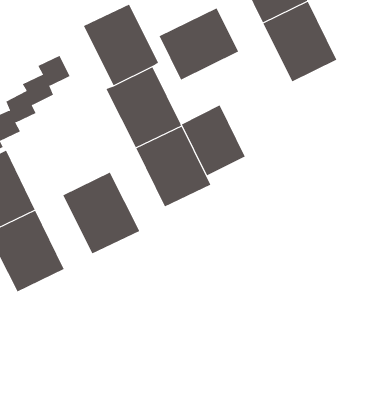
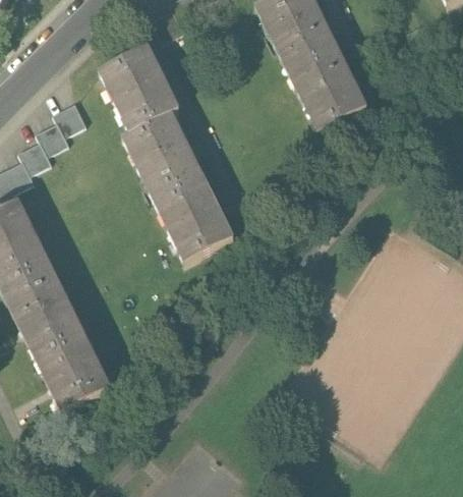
building: [159,7,239,80] -> none
building: [181,105,245,176] -> none
building: [63,172,140,254] -> [30,324,111,410]

